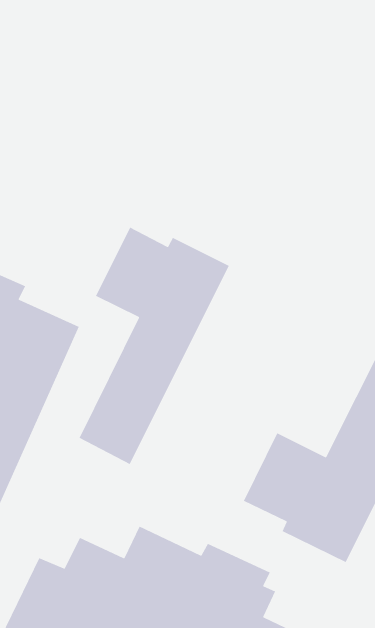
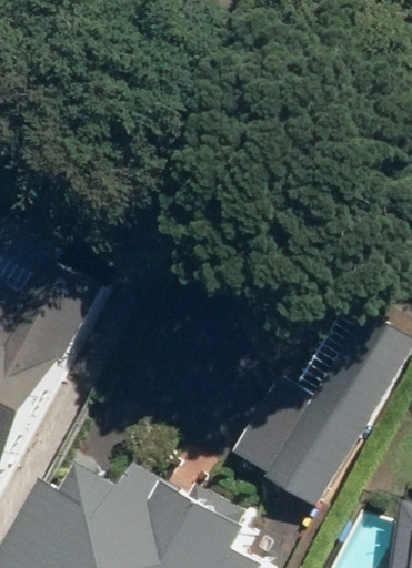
building: [78,226,230,465] -> none

